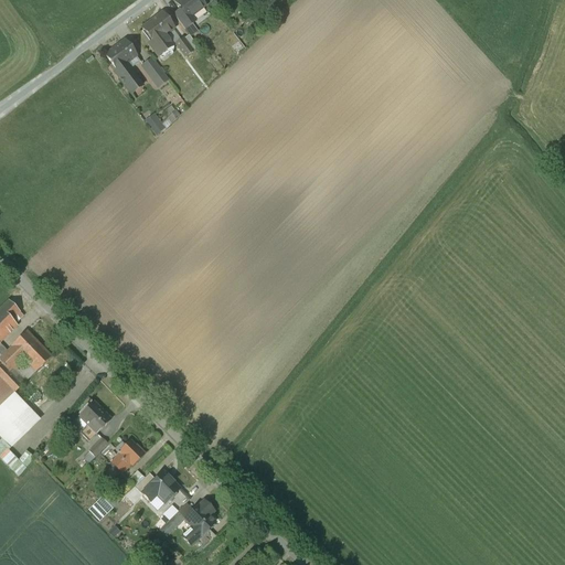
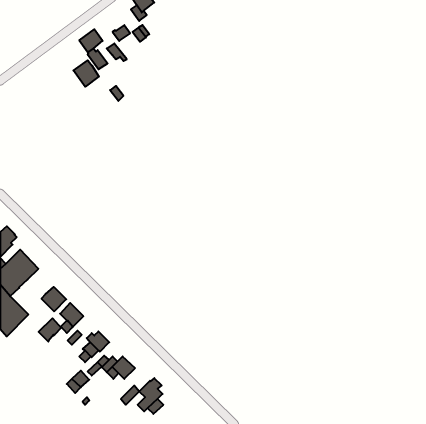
building: [142,11,173,41] -> none
building: none -> [73,60,99,87]
building: none -> [42,287,66,311]
building: none -> [39,318,61,342]

